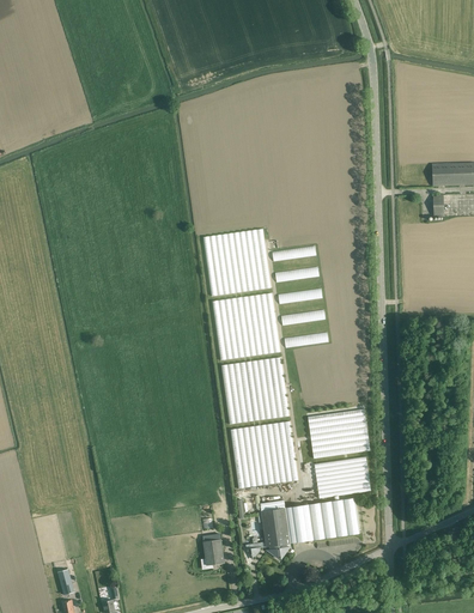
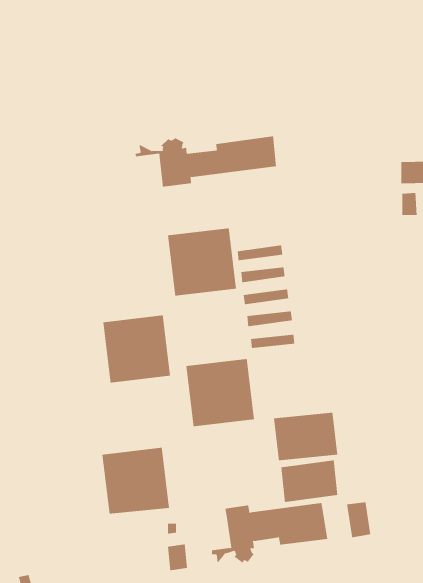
building: none -> [135,136,276,187]
building: [213,293,280,360] -> [103,315,171,383]
building: [231,421,298,487] -> [101,447,170,514]
building: none -> [347,502,371,538]

